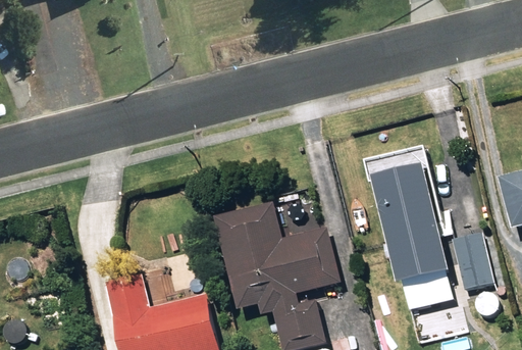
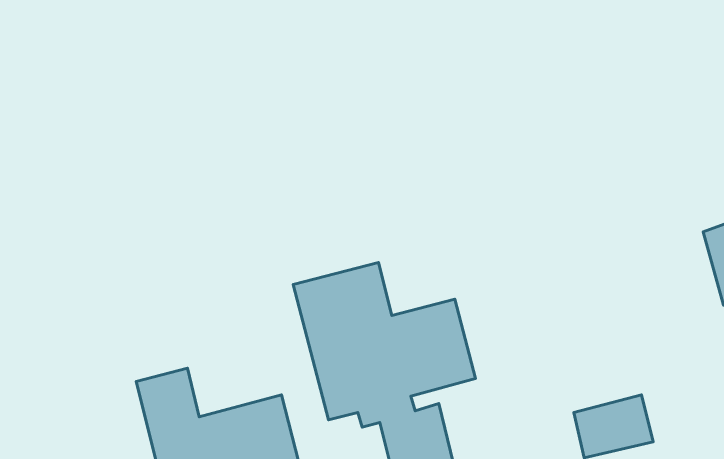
building: [373,167,452,287] -> none
building: [452,229,493,286] -> none

